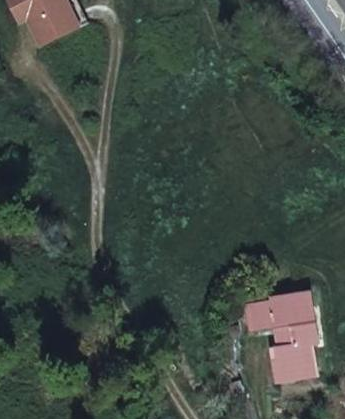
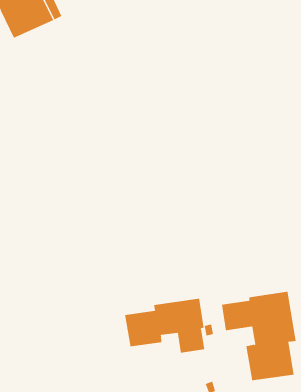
building: none -> [125,298,205,354]

